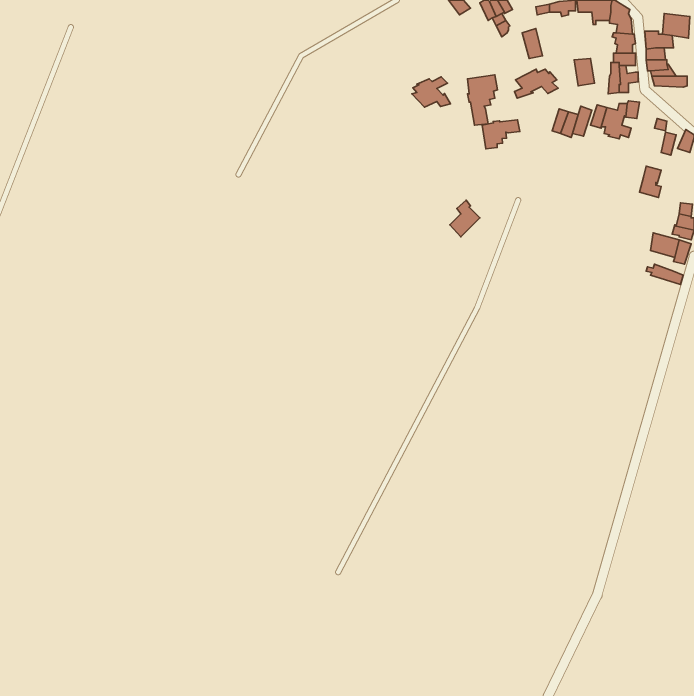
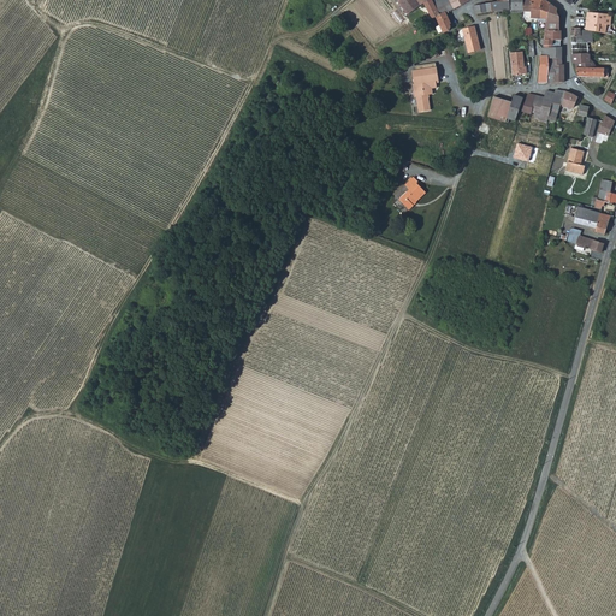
building: [515,69,558,98] -> none
building: [412,77,450,107] -> none
building: [482,120,520,149] -> none

